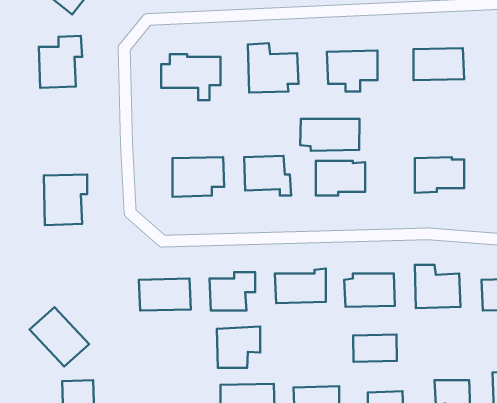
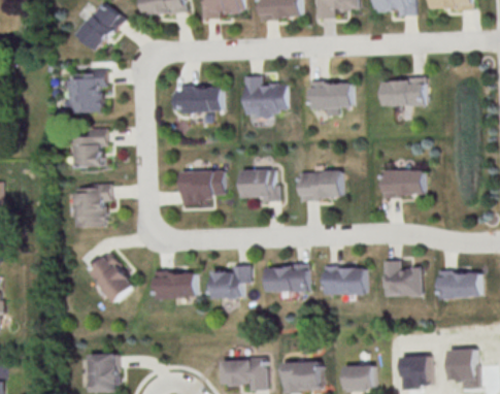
building: none -> [74,128,106,167]
building: [300,119,360,151] -> none
building: [30,307,89,366] -> [86,253,135,302]
building: [217,326,260,368] -> none
building: [353,334,397,362] -> none

